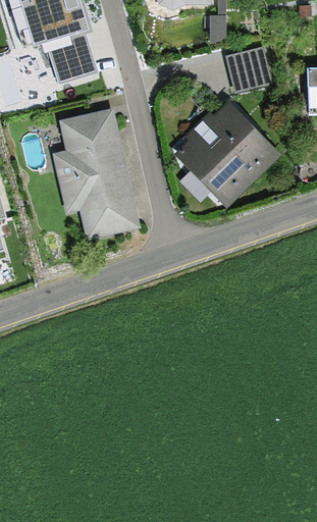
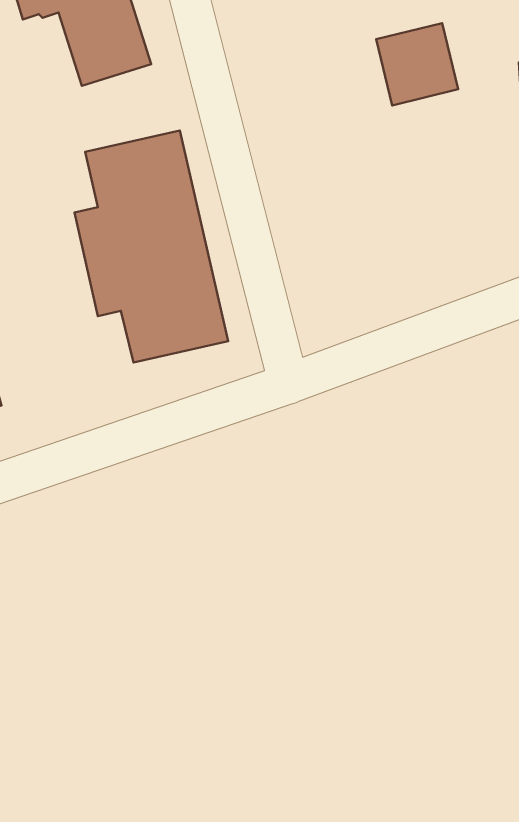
building: [172,101,281,209] -> none

